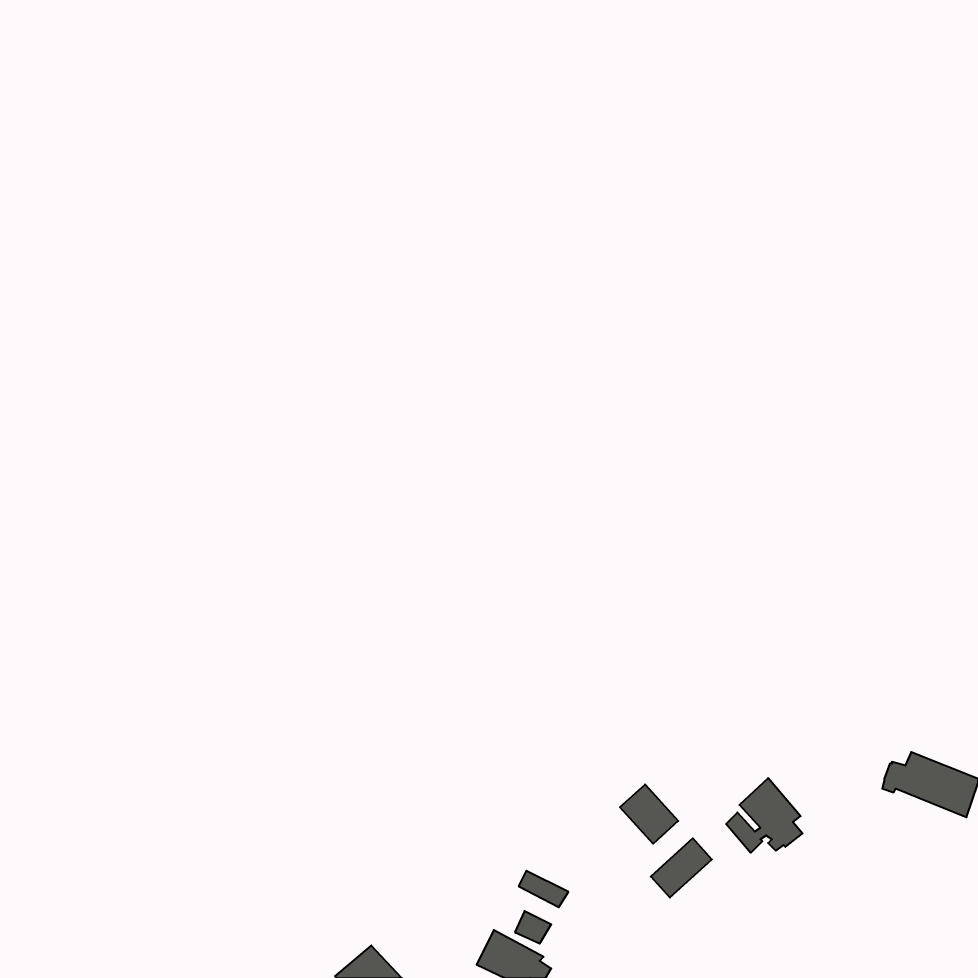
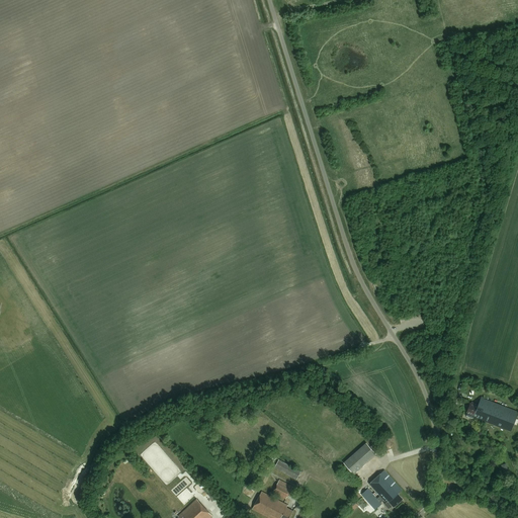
building: [726,778,803,853] -> [362,470,403,510]
building: [620,784,678,844] -> none

